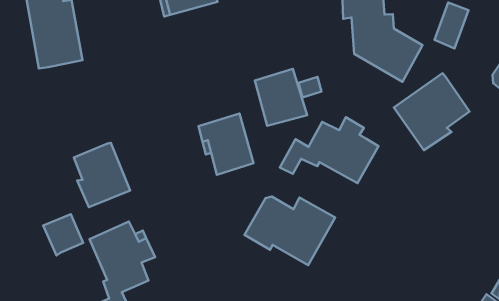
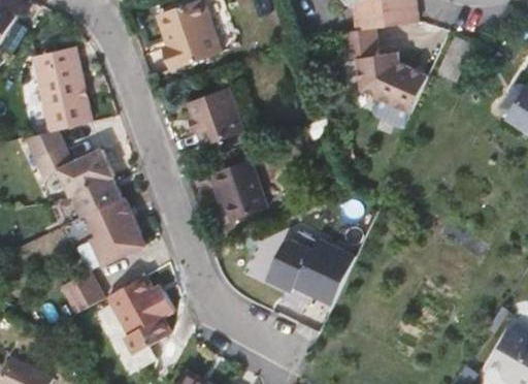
building: none -> [26,127,121,217]
building: [255,69,307,126] -> [188,86,242,145]
building: [394,73,469,150] -> none
building: [280,117,378,183] -> none

